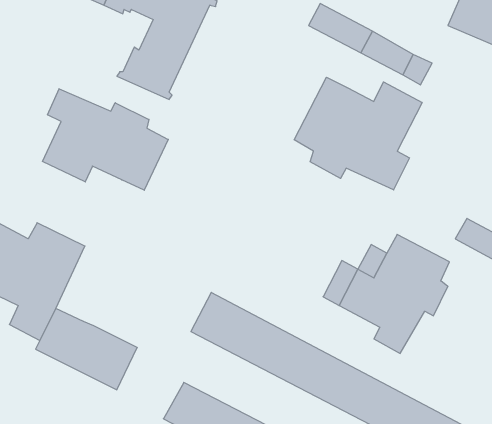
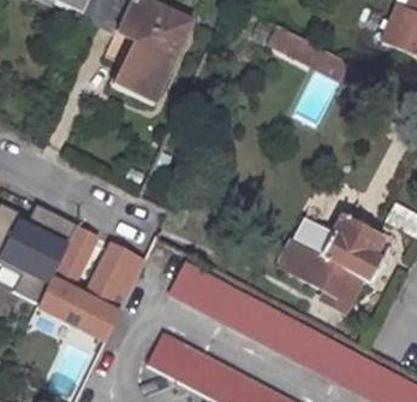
building: [294,77,422,190] -> none
building: [43,89,168,190] -> none
building: none -> [55,223,103,285]
building: none -> [87,238,149,307]

